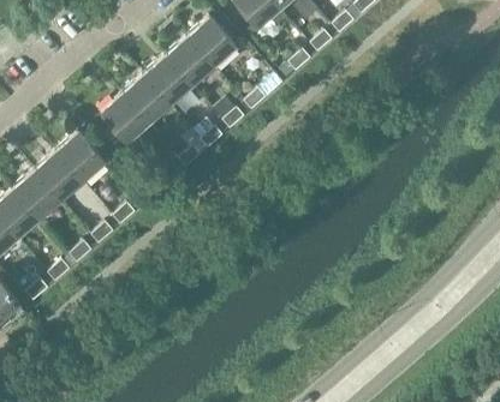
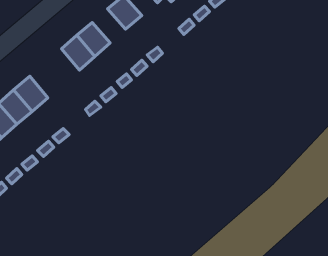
building: [167,36,214,84] -> none
building: [101,92,149,142] -> none

